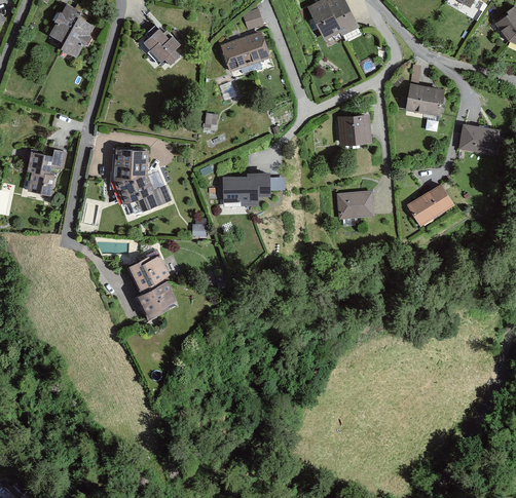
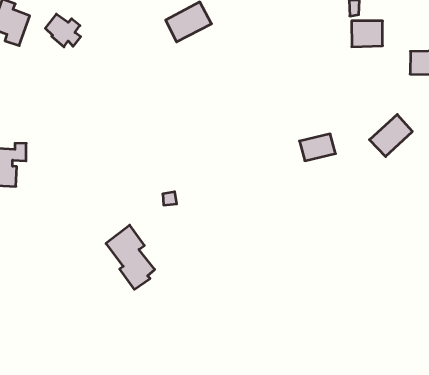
building: [144,28,179,63] -> [45,14,81,47]
building: [337,117,367,144] -> none
building: [115,148,170,214] -> none
building: [224,175,268,207] -> none

